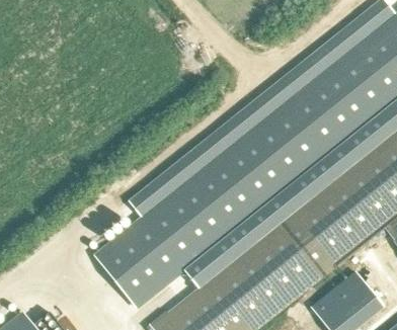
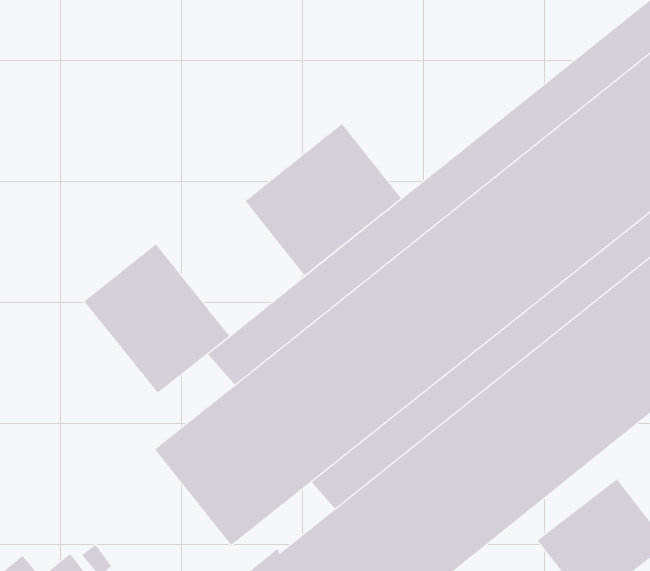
building: none -> [245,123,402,276]
building: none -> [84,244,230,394]

